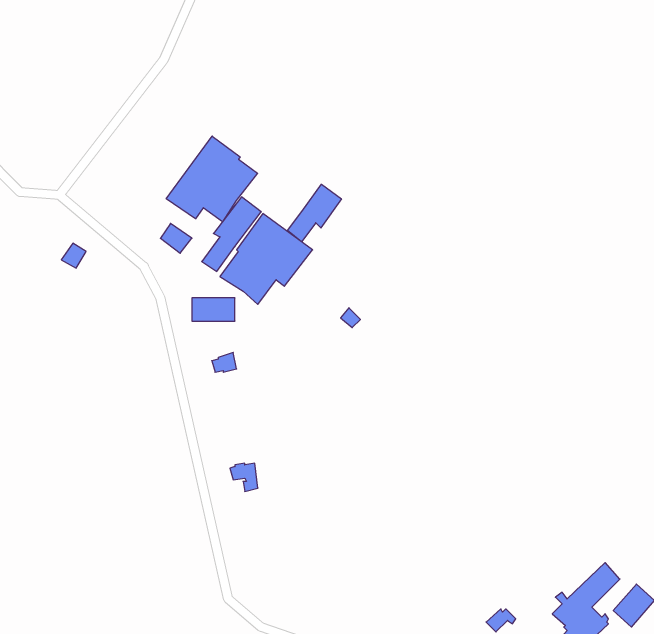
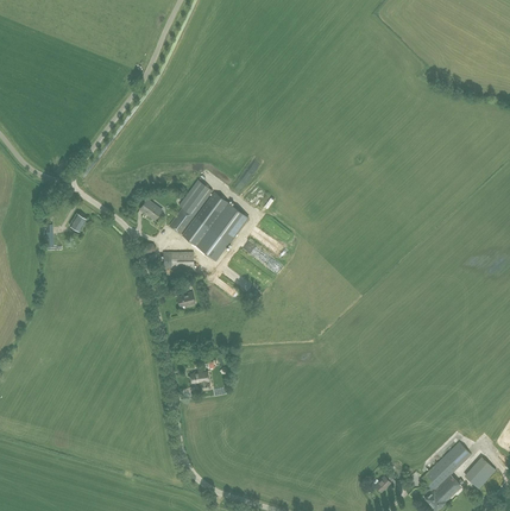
building: [166,136,258,222] -> none
building: [288,184,341,242] -> none

